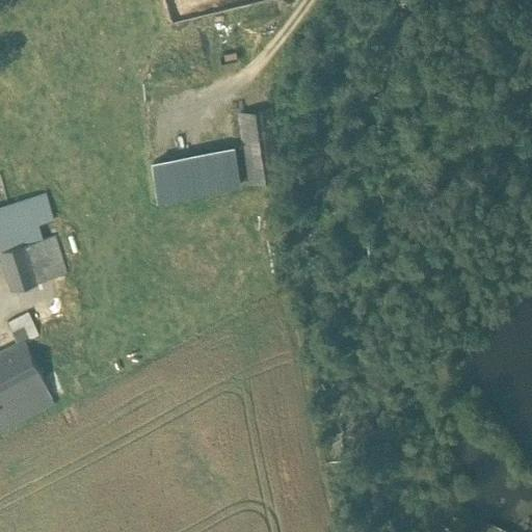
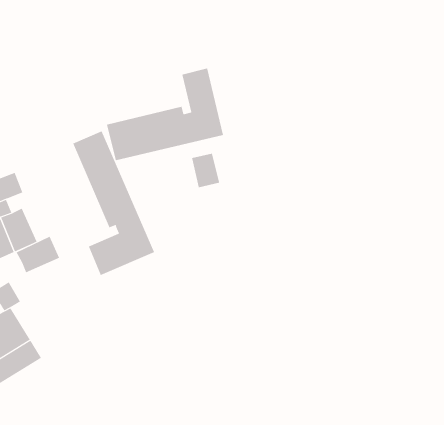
building: none -> [72,131,155,276]
building: none -> [192,153,220,188]
building: none -> [16,236,60,273]

